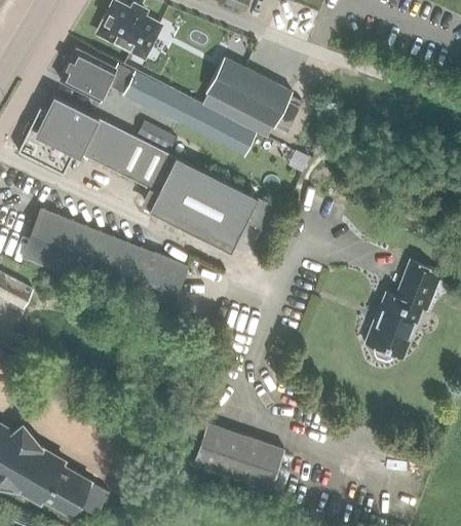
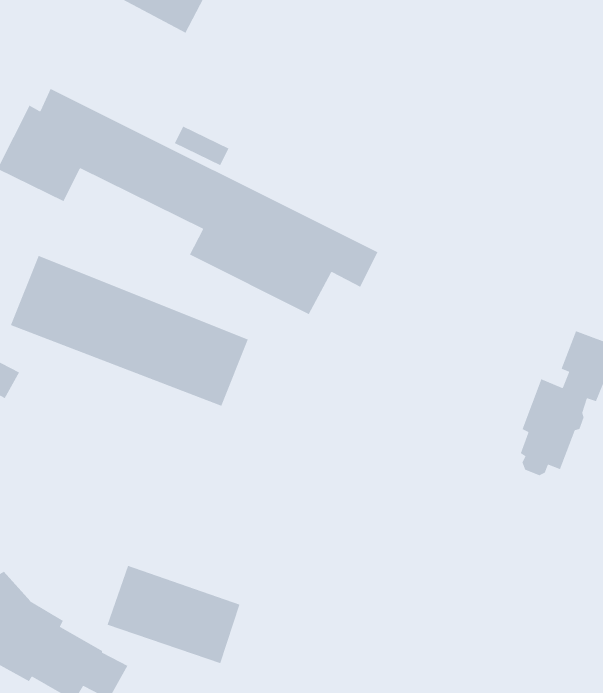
building: [60,48,255,156] -> none
building: [205,57,291,126] -> none
building: [193,422,284,490] -> [106,565,240,664]

